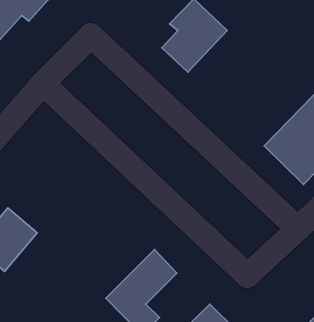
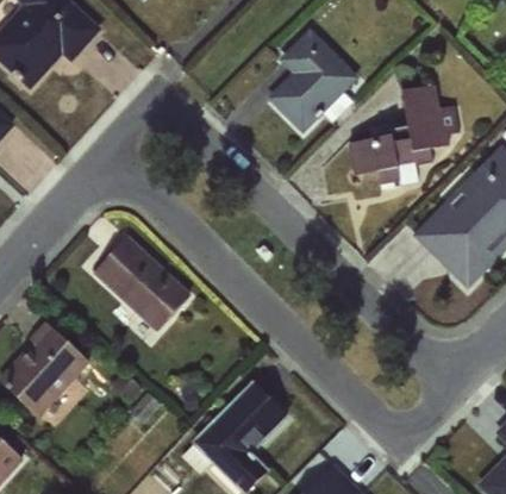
building: none -> [349,87,460,188]
building: none -> [95,235,193,331]

